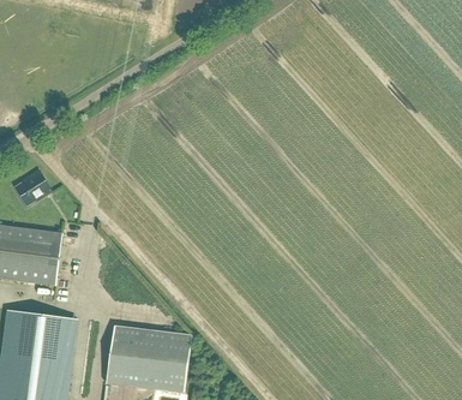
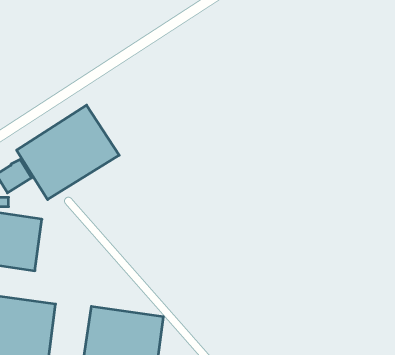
building: none -> [17,105,119,200]

